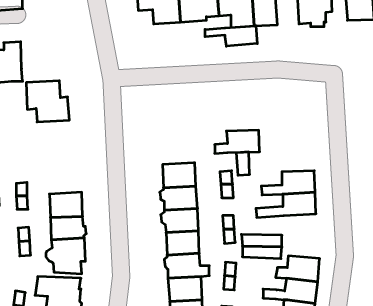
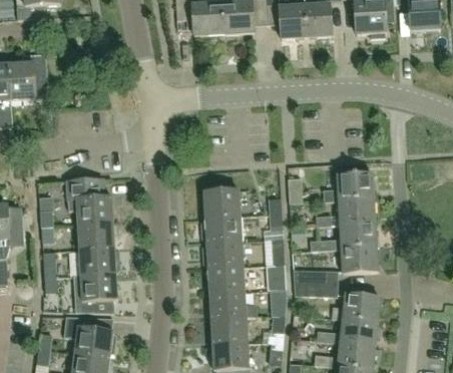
building: [205,26,257,46] -> none
building: [26,81,69,122] -> [66,178,114,225]
building: [215,130,260,153] -> [324,174,374,201]
building: none -> [340,247,378,274]

